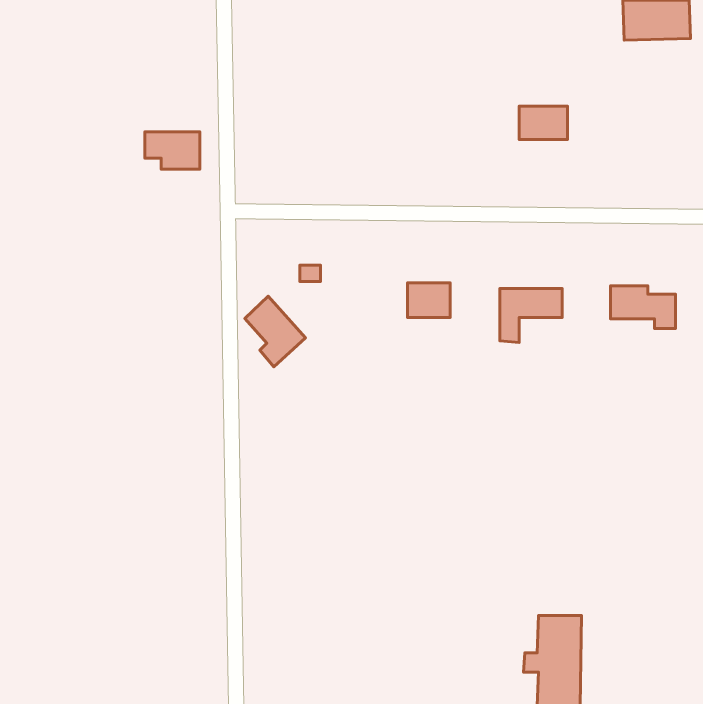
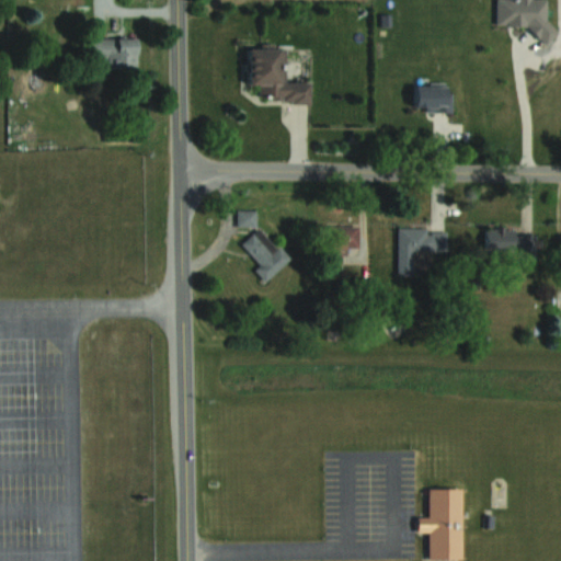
building: none -> [248,49,311,102]
building: [145,132,200,169] -> [94,38,138,68]
building: [245,296,305,367] -> [243,227,291,283]

